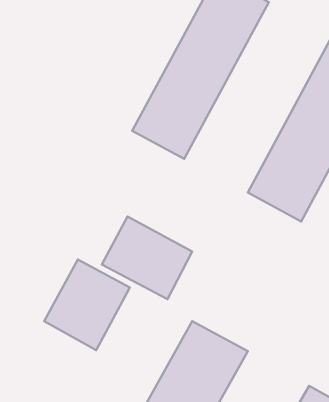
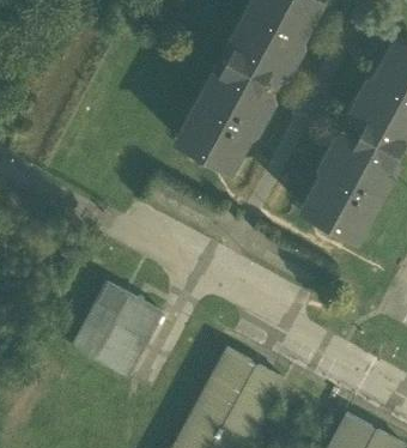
building: [102,217,192,299] -> none

